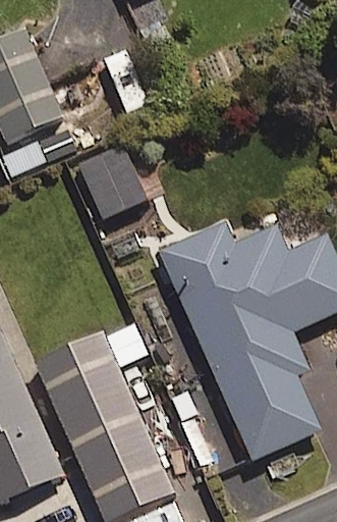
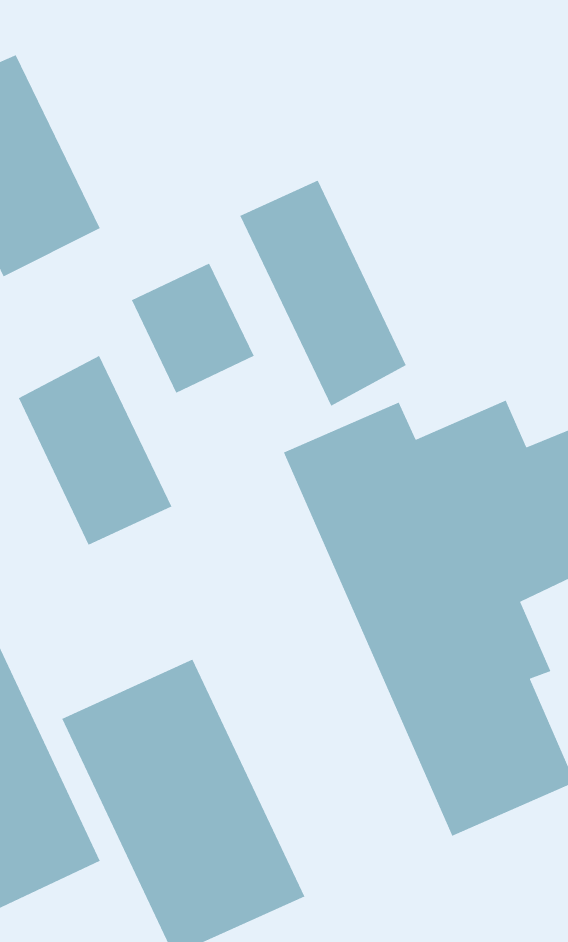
building: none -> [239,180,407,407]
building: none -> [18,355,173,546]

